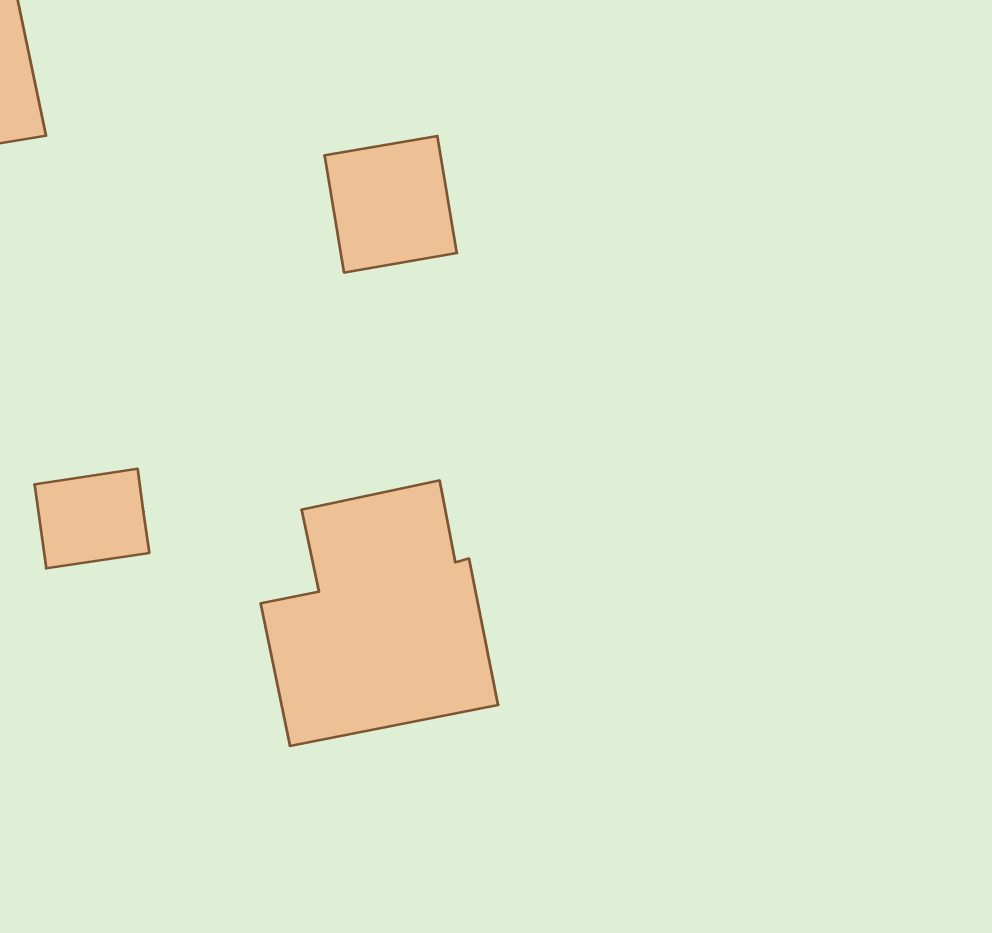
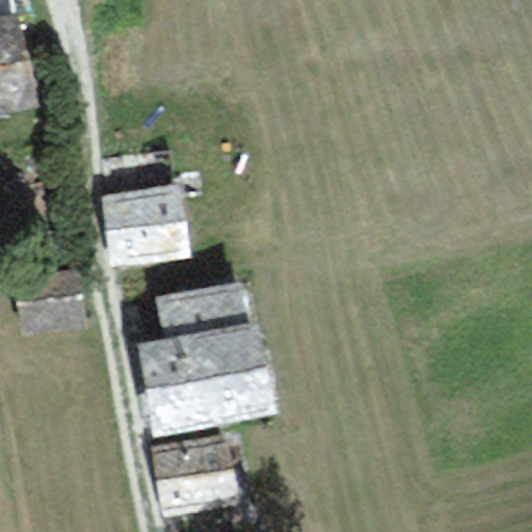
building: [324,136,457,272] -> [110,191,181,264]
building: none -> [157,446,232,513]

